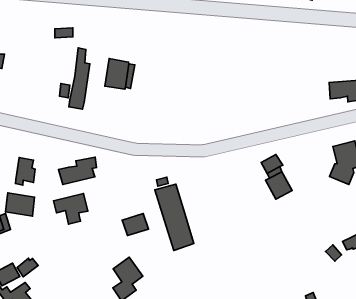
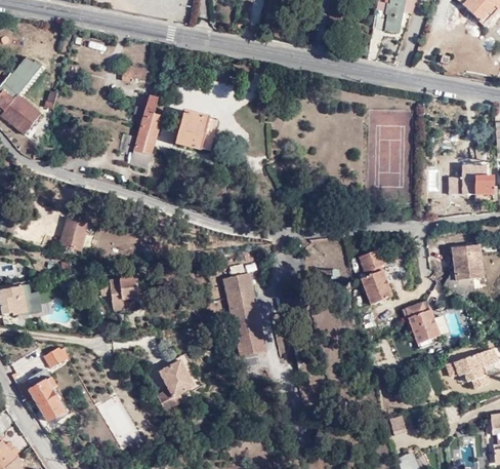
building: [58,157,96,185] -> none
building: none -> [405,303,443,351]
building: [6,193,35,216] -> none
building: [122,214,149,236] -> none

